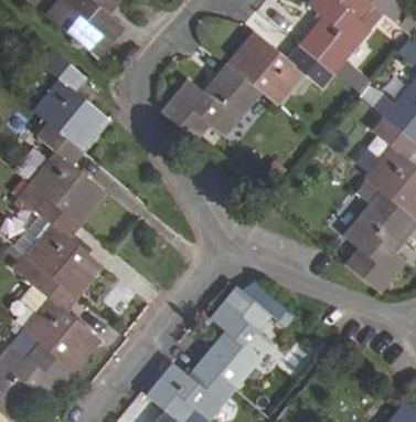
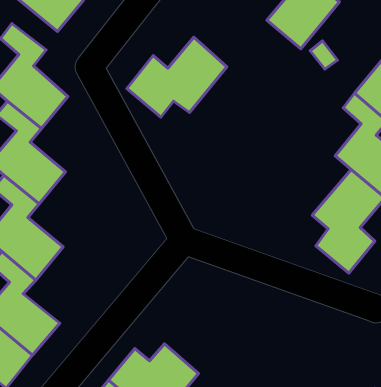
building: [228,31,332,103] -> none
building: [200,285,288,388] -> none

